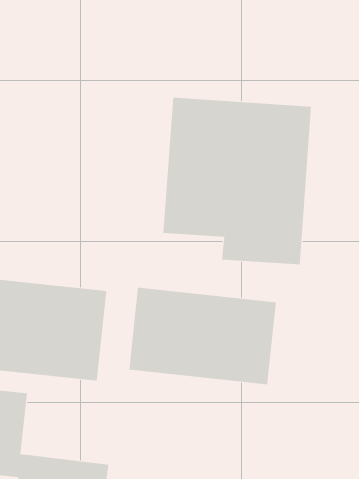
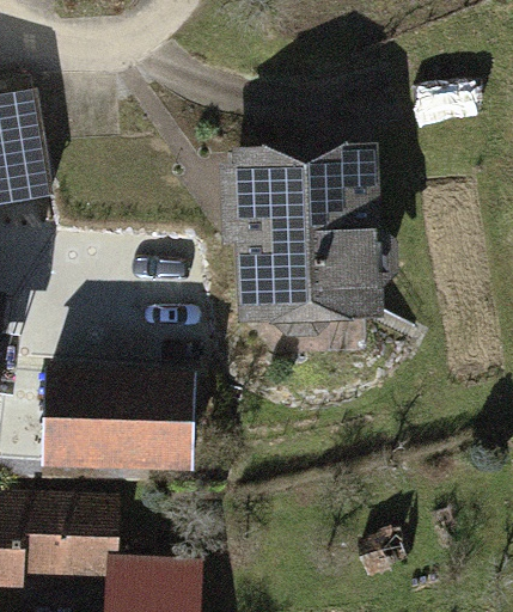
building: [129,287,276,385] -> none

